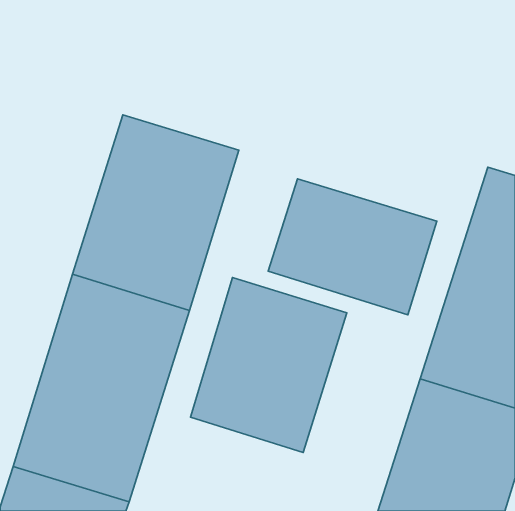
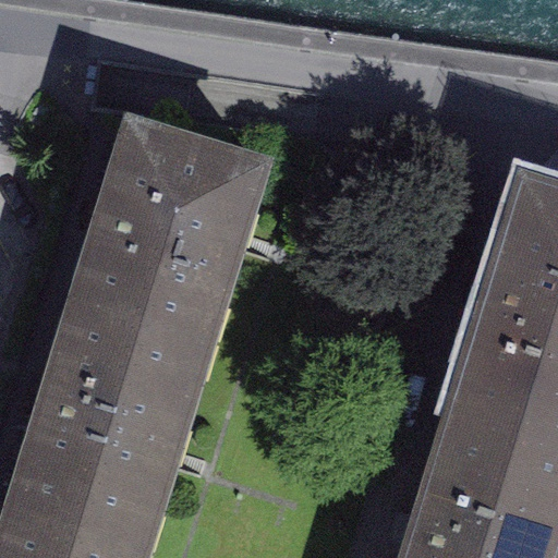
building: [268,179,437,315] -> none
building: [191,278,347,452] -> none

